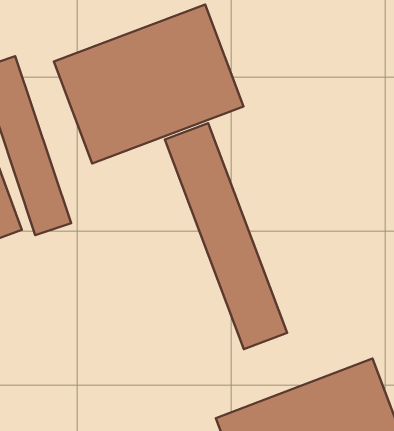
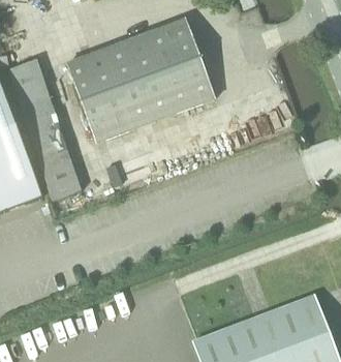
building: [165,123,287,349] -> none

